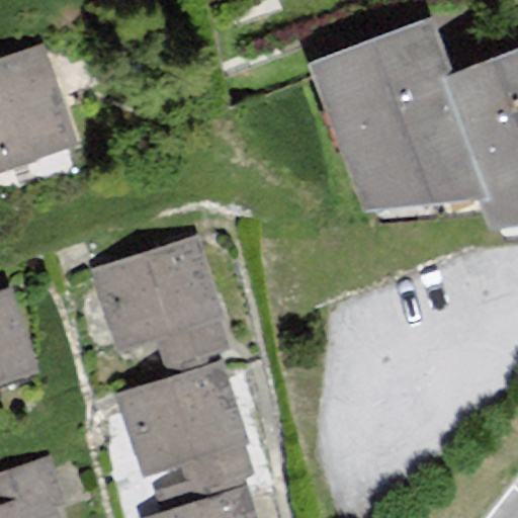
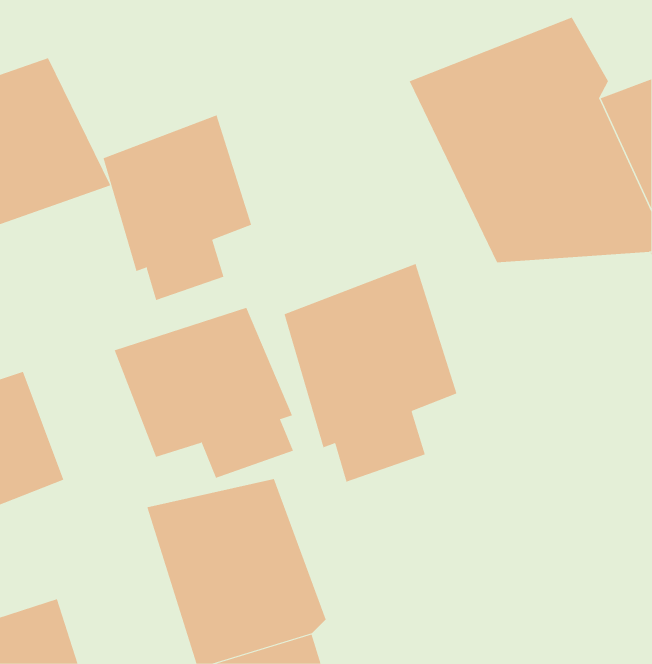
building: none -> [103,114,252,301]
building: none -> [284,263,457,483]

